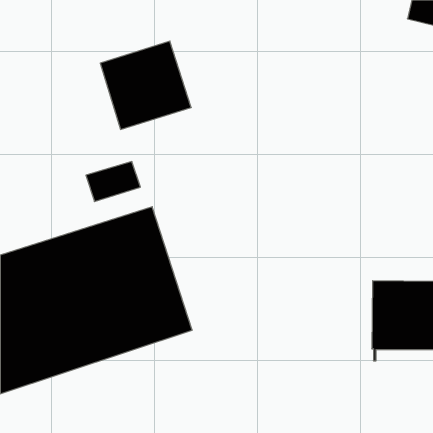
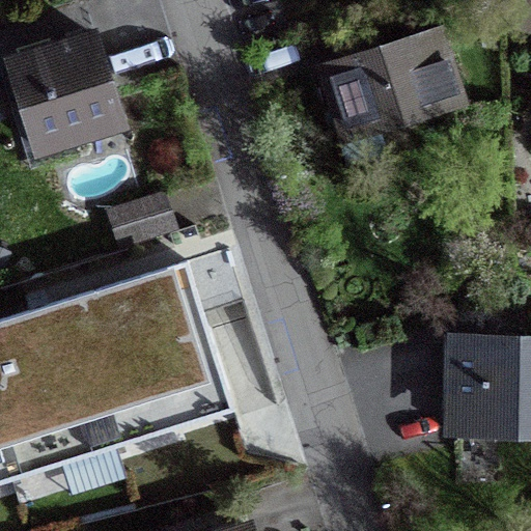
building: none -> [323,34,459,141]
building: [100,41,191,129] -> [9,41,120,149]

